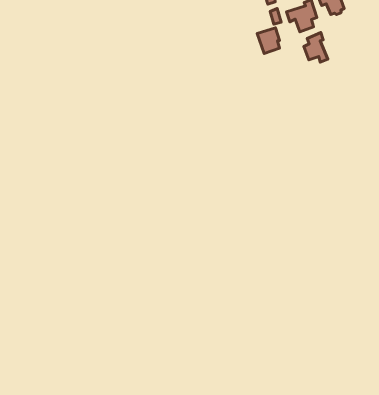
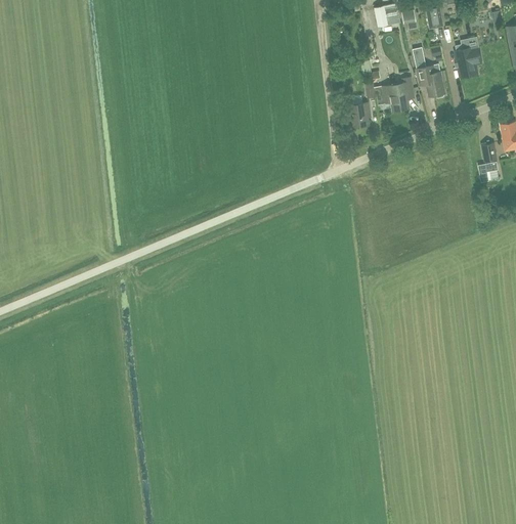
building: [304,33,328,62] -> none

